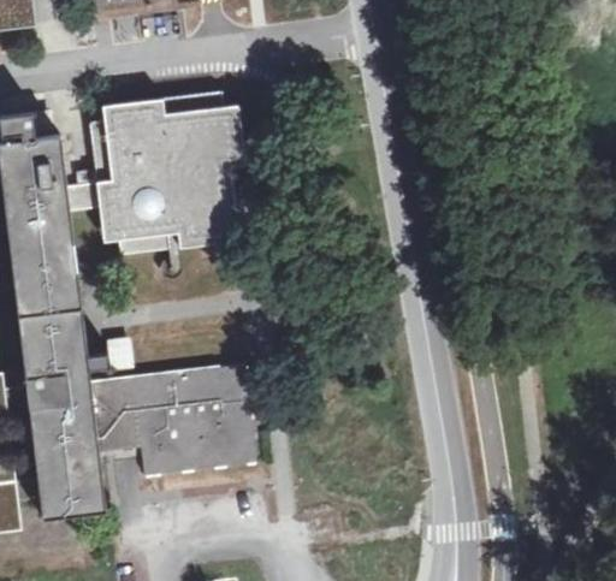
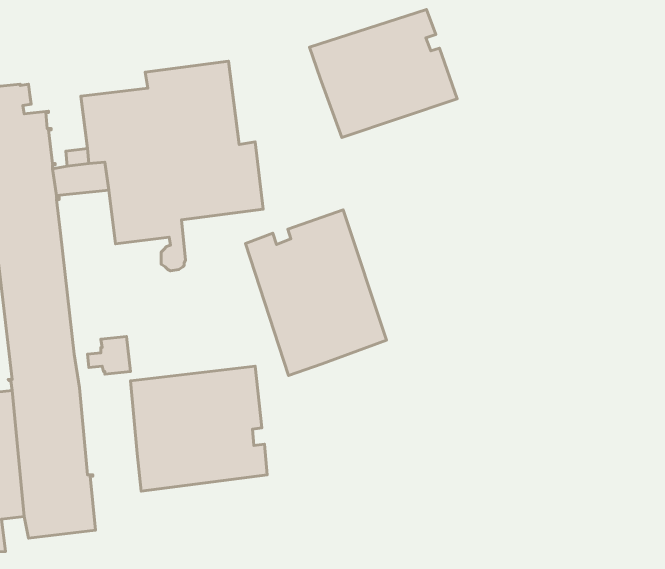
building: none -> [310,9,457,137]
building: none -> [245,210,386,376]
building: [87,377,138,447] -> none

